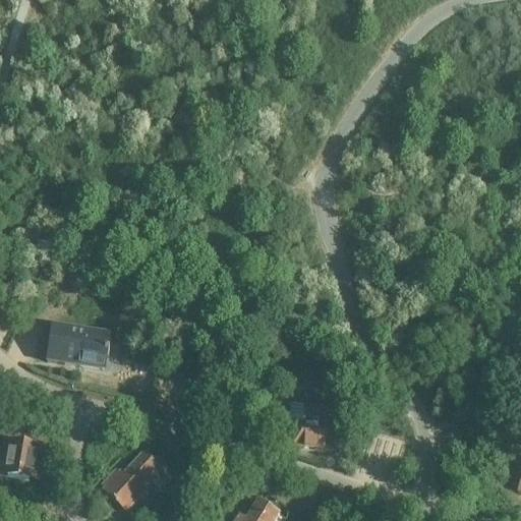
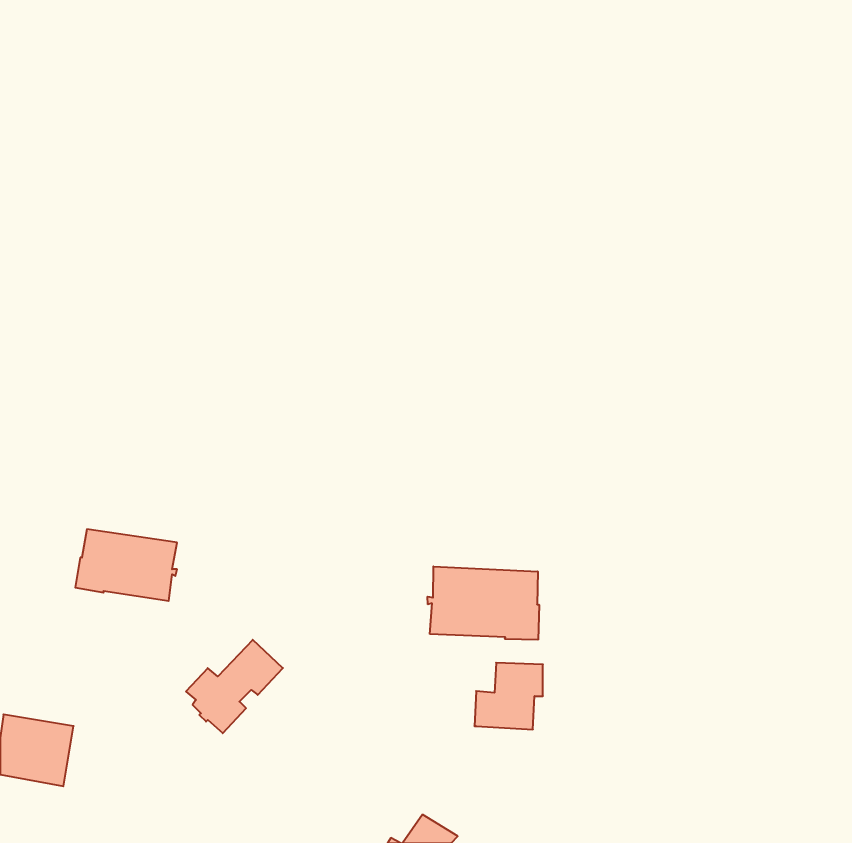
building: none -> [428,566,539,640]
building: [104,451,163,508] -> [186,640,283,733]

